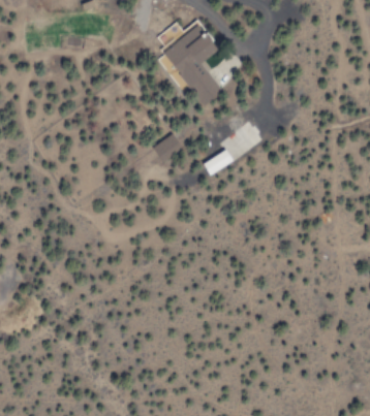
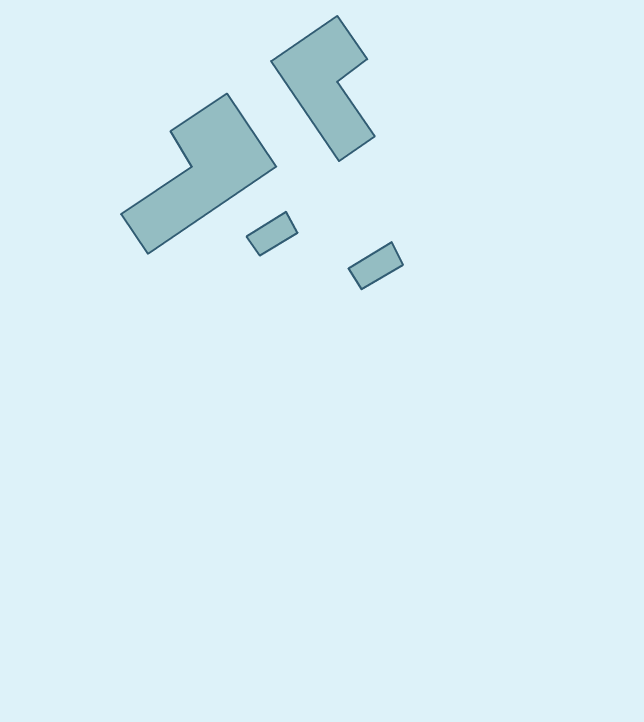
building: none -> [121,94,276,254]

